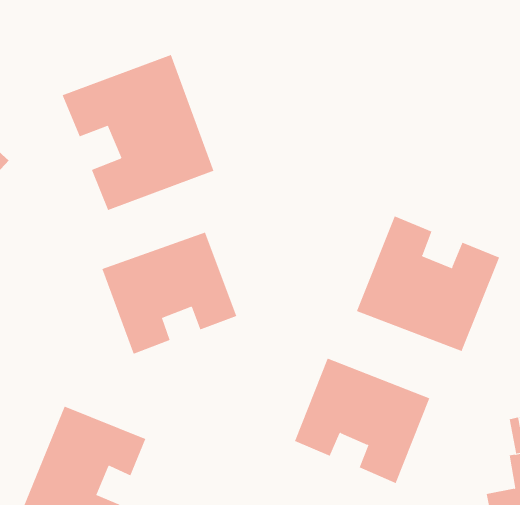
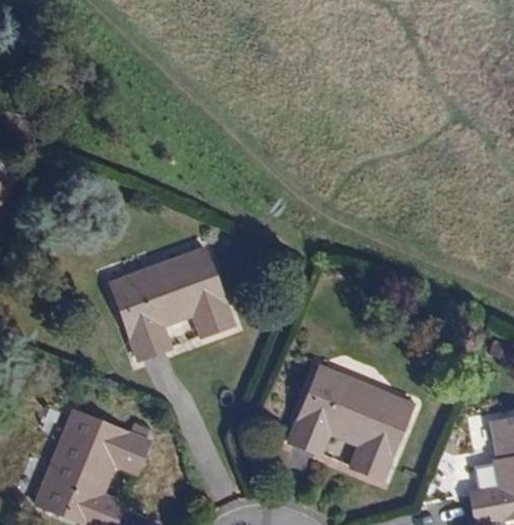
building: [62,54,214,211] -> none
building: [356,216,500,352] -> none

